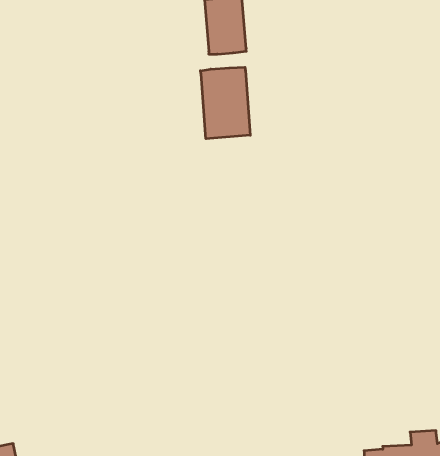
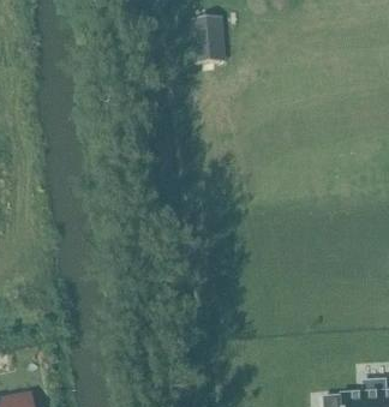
building: [200,67,250,139] -> none

